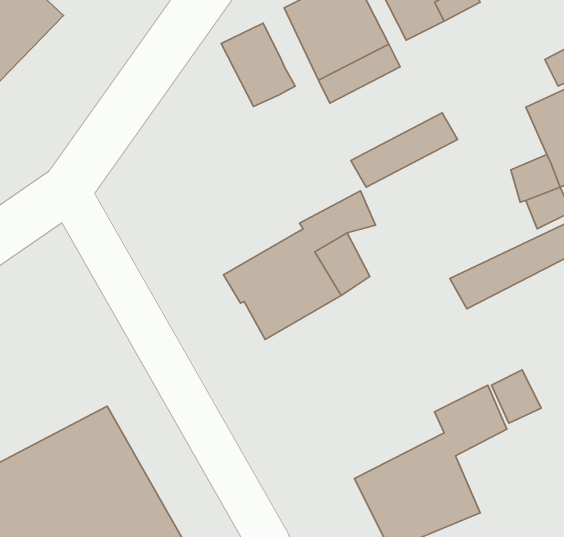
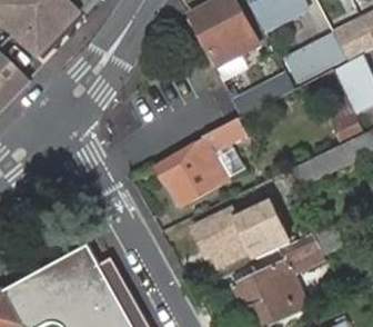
building: [221,23,295,106] -> none
building: none -> [285,32,347,82]
building: none -> [194,200,279,266]

